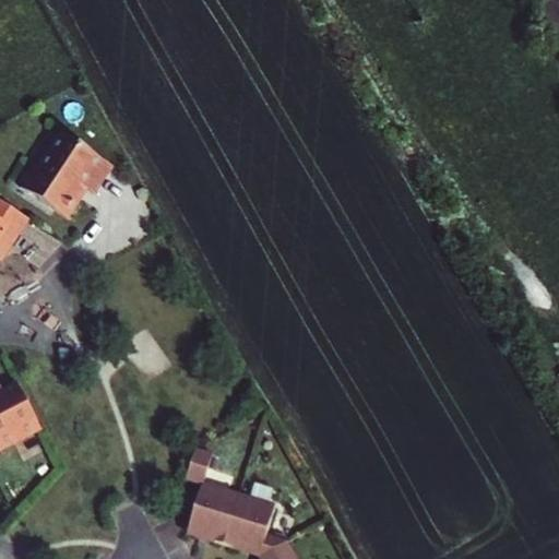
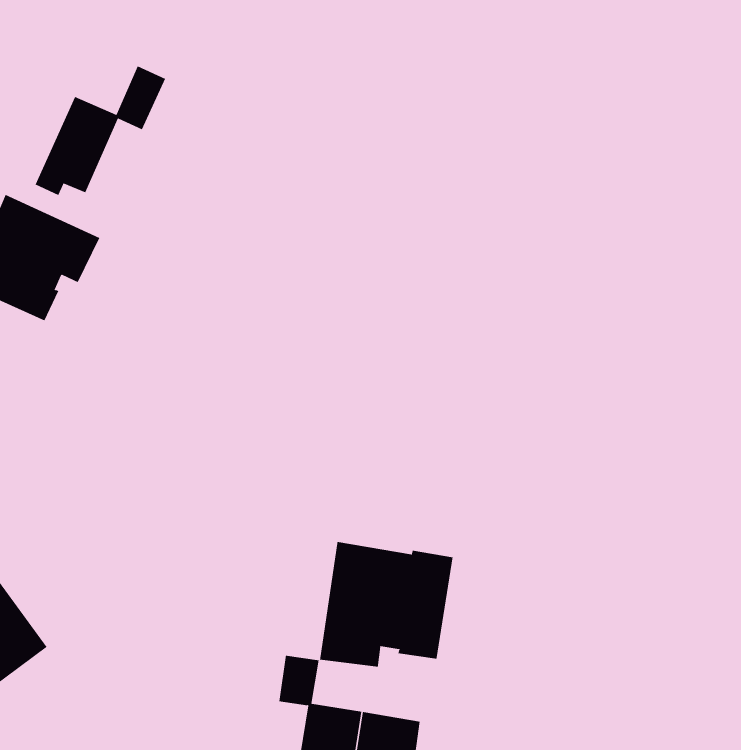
building: none -> [35,66,166,196]
building: none -> [320,541,453,667]

